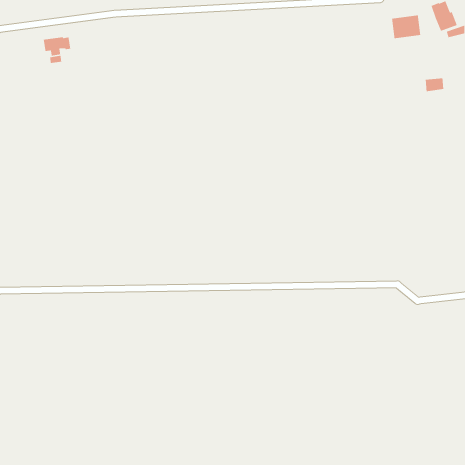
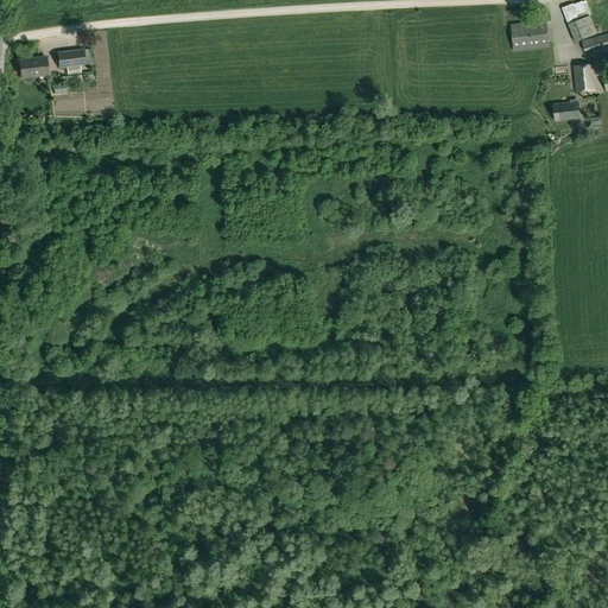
building: none -> [19,56,48,82]
building: none -> [572,63,595,91]

